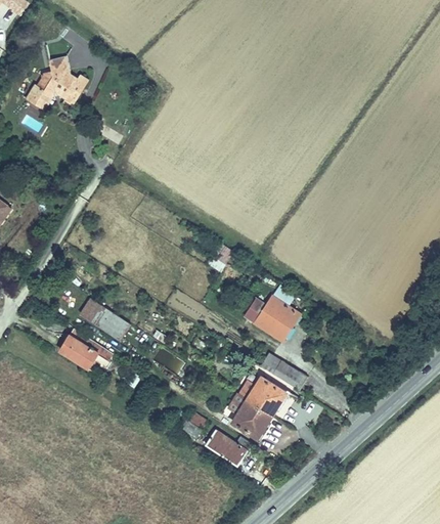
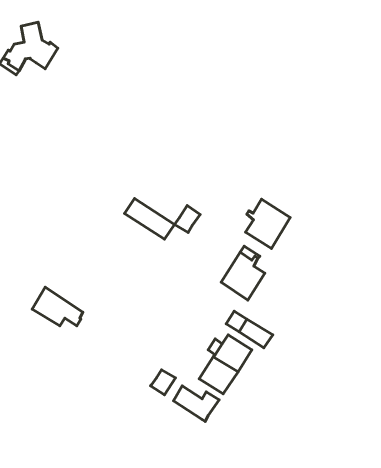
building: none -> [246,199,290,249]
building: [79,298,130,340] -> [125,198,174,239]

